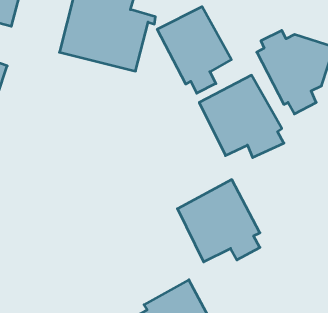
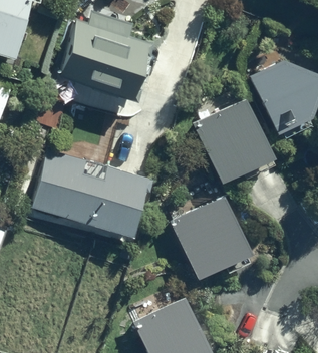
building: [157,7,231,93] -> none
building: none -> [33,152,150,240]

